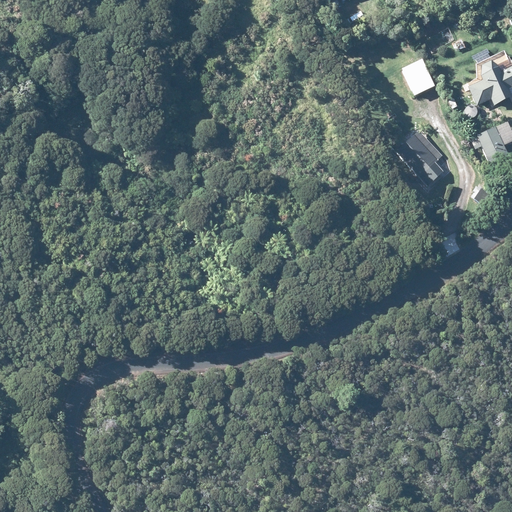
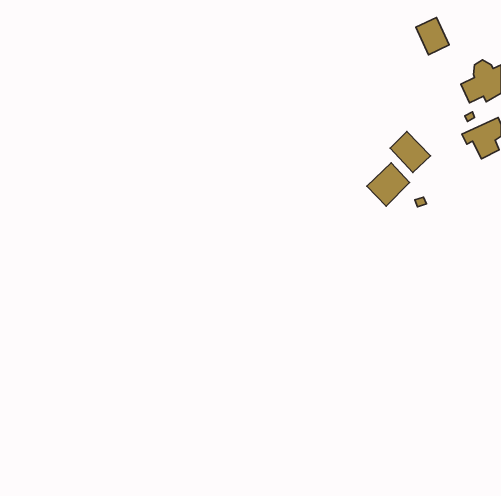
building: [402,55,436,93] -> [416,18,449,55]
building: none -> [367,163,409,206]

